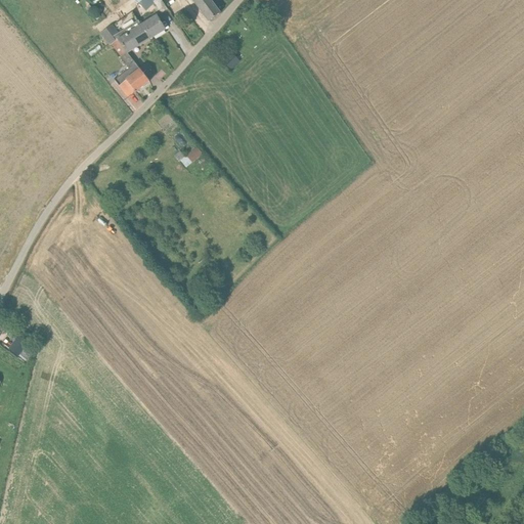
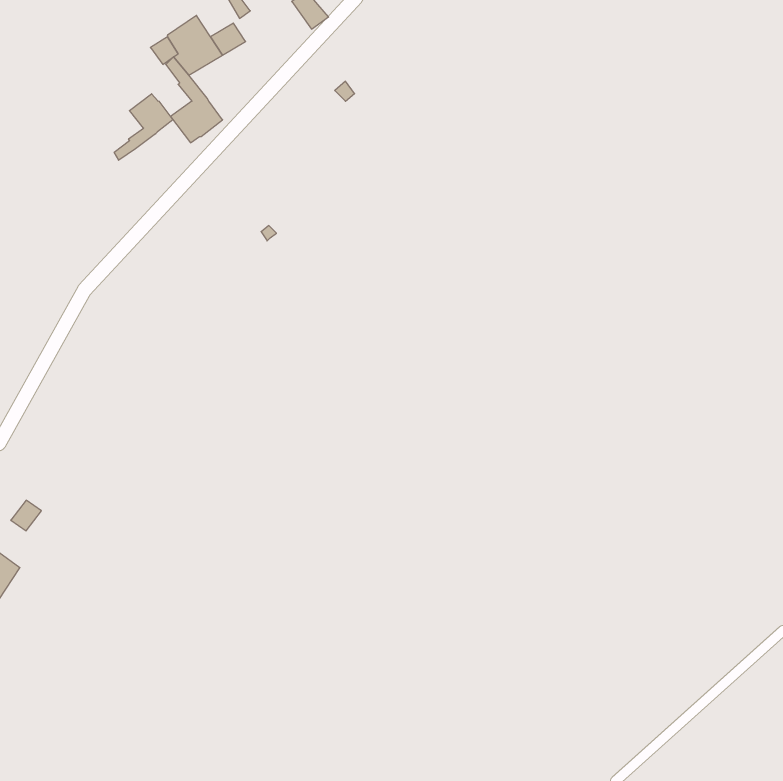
building: none -> [114,94,173,160]

